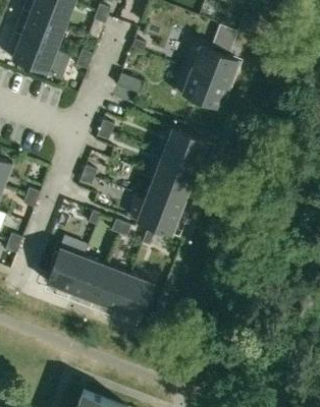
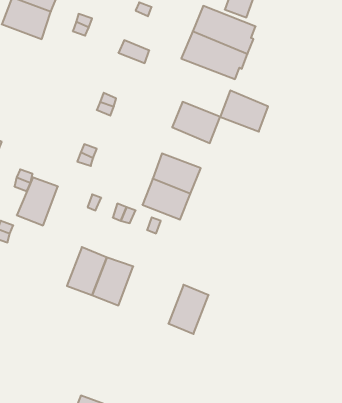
building: [155,151,198,187] -> [220,90,268,132]
building: [47,249,84,292] -> [17,177,58,225]
building: [116,275,152,318] -> [168,285,209,334]

